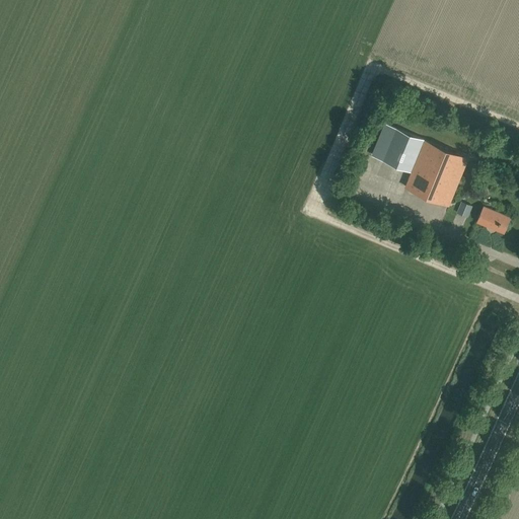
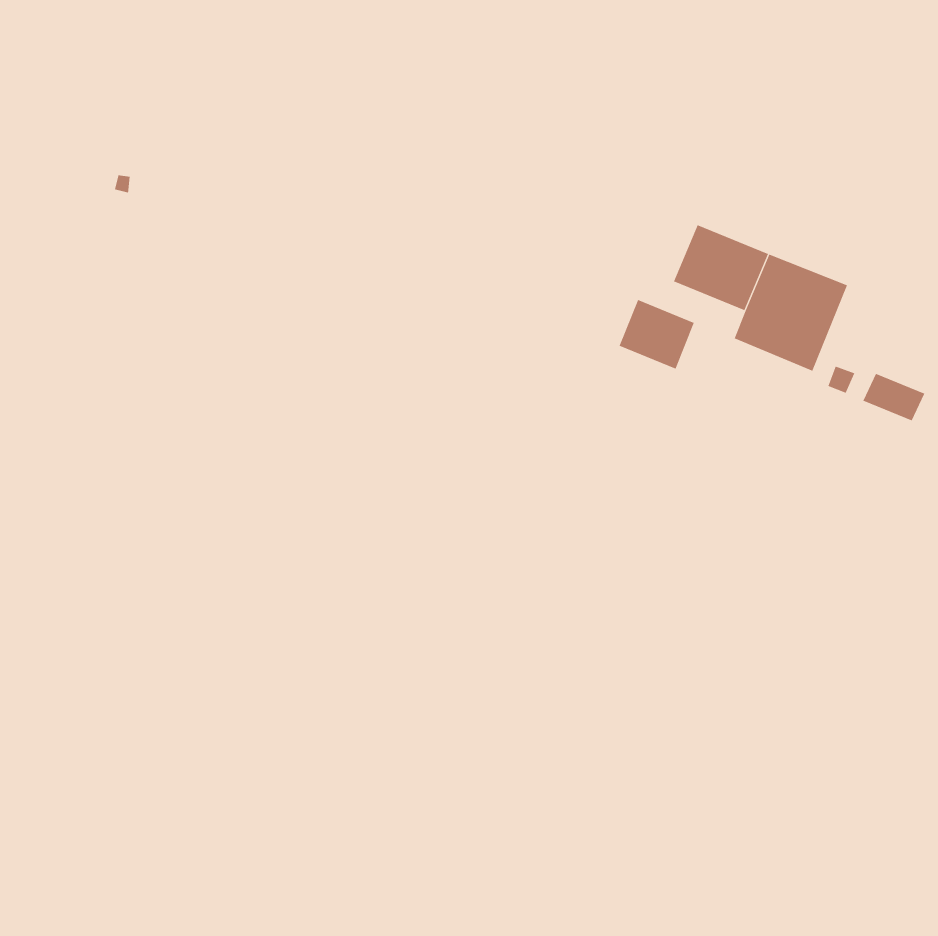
building: none -> [619,299,695,369]

